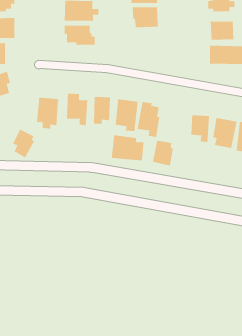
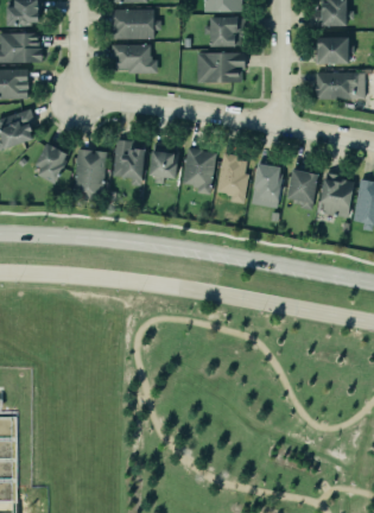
building: none -> [196,52,243,81]
building: [12,129,35,158] -> [34,142,66,184]
building: [111,135,144,161] -> none
building: [152,140,174,166] -> [251,163,281,200]

